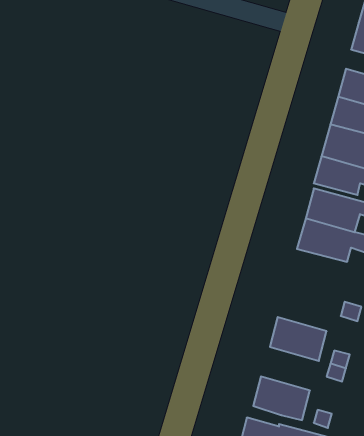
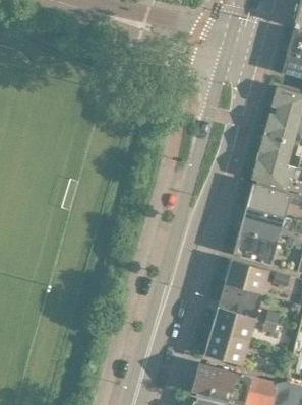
building: none -> [233,230,279,265]
building: none -> [222,259,269,295]
building: none -> [210,308,256,342]

